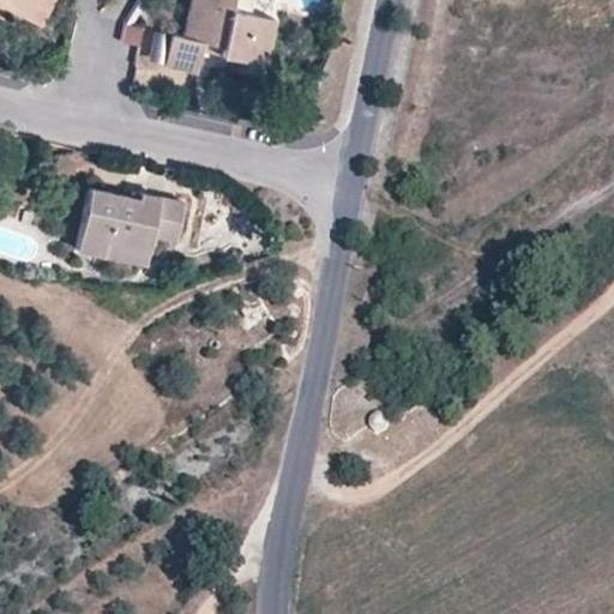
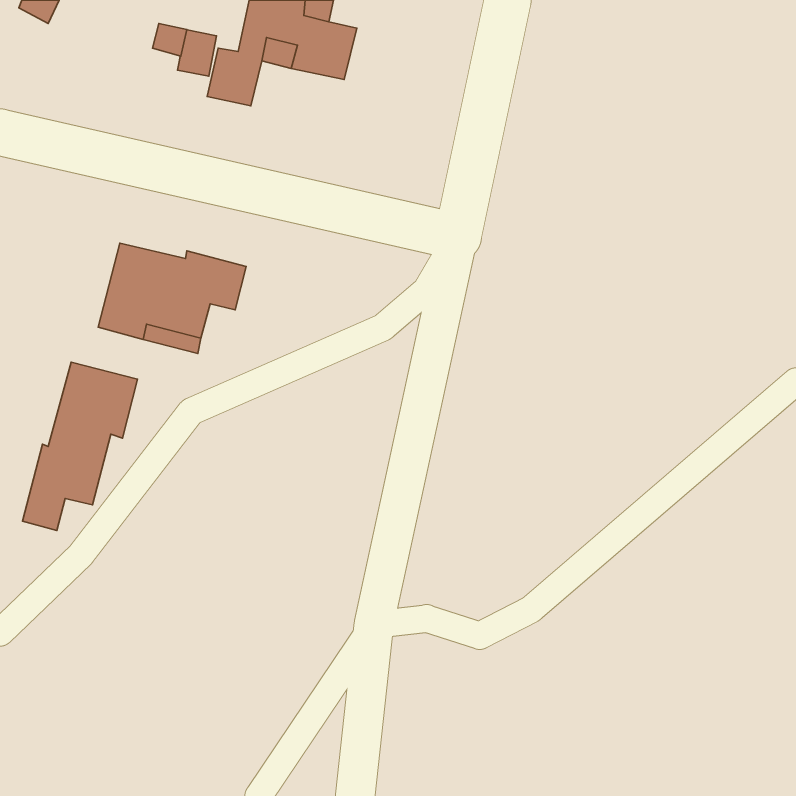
building: none -> [23,362,137,531]

